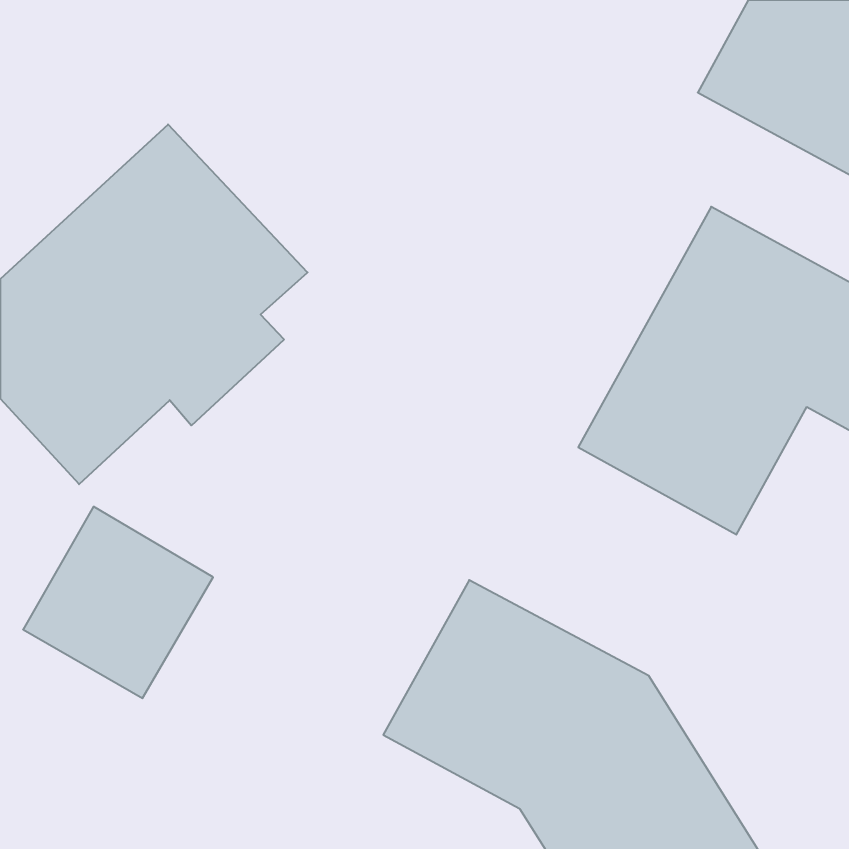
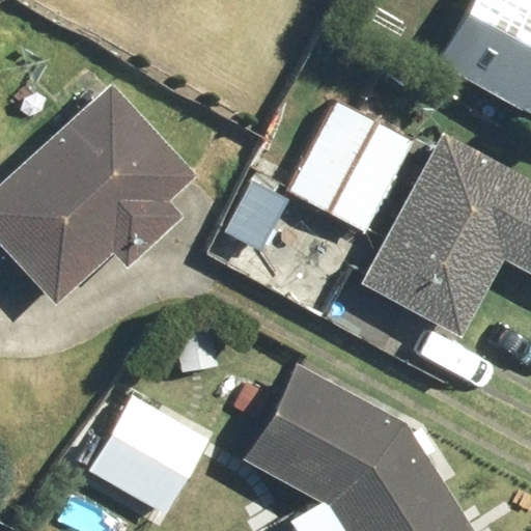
building: none -> [291,105,413,233]
building: [23,507,213,698] -> [91,397,208,515]

